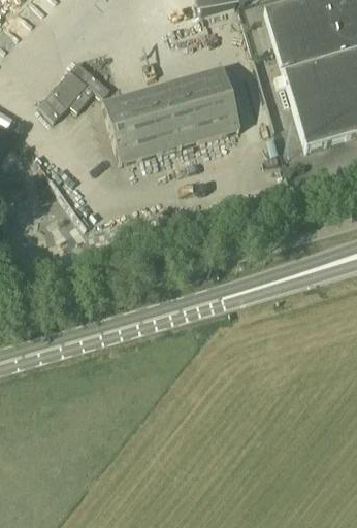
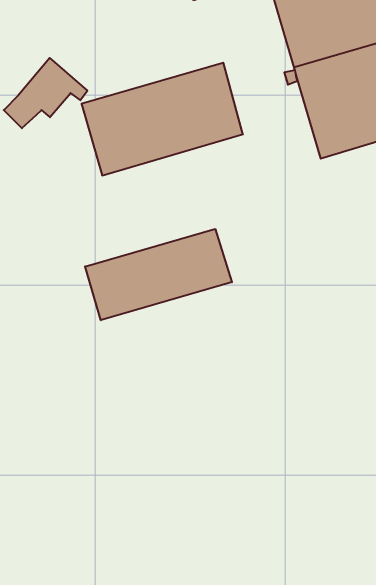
building: none -> [85,229,232,320]

